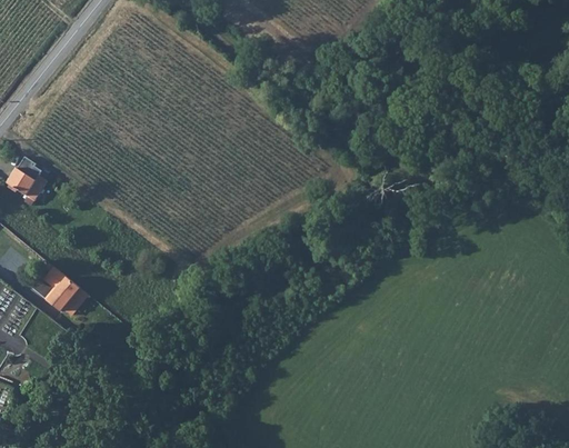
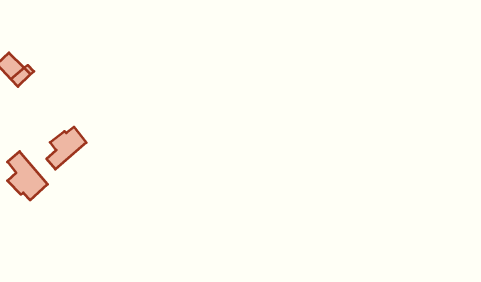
building: none -> [47,127,86,169]

